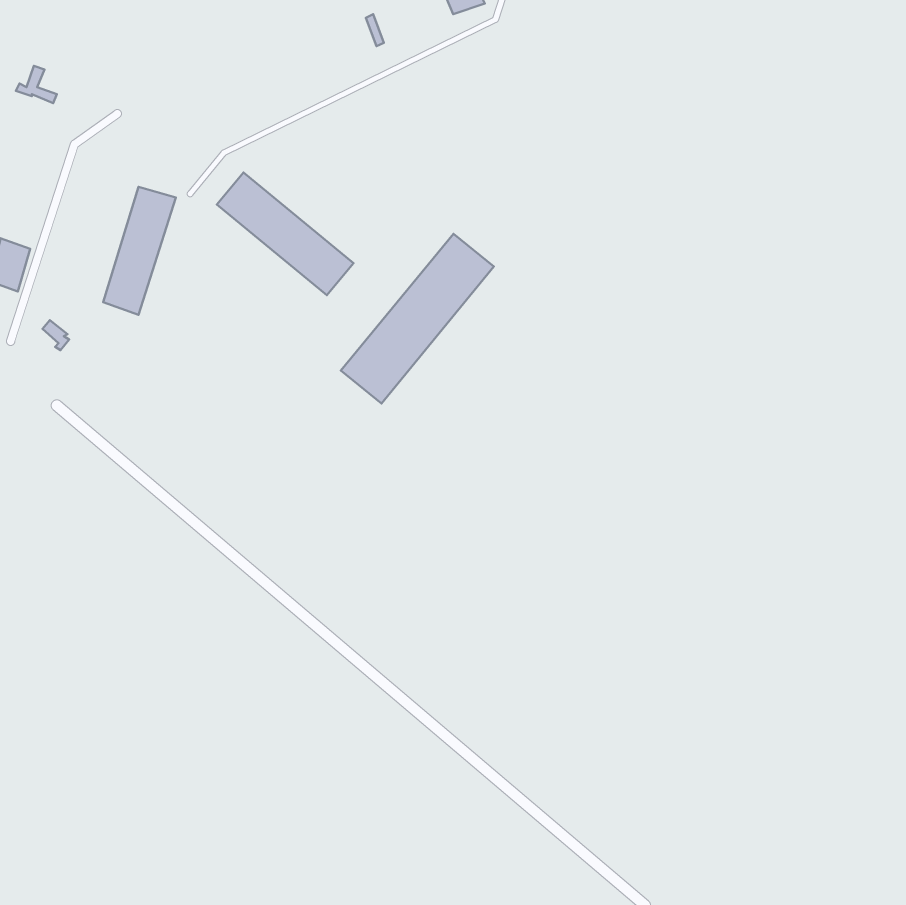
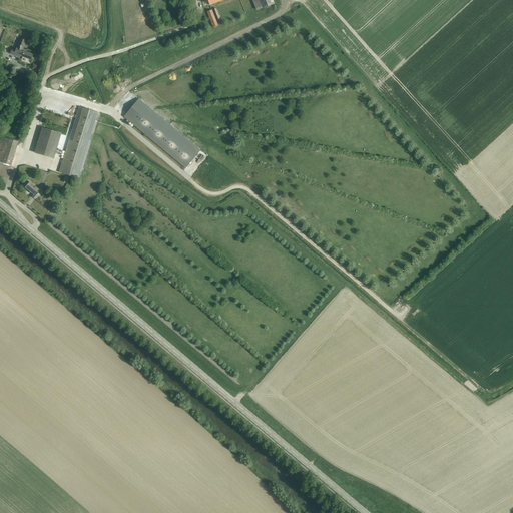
building: none -> [34,126,60,156]
building: [341,234,494,404] -> none

